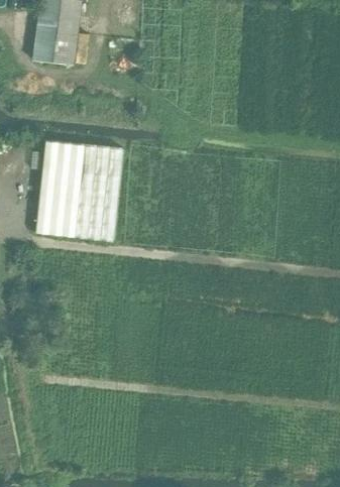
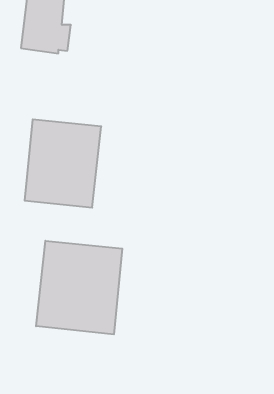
building: none -> [36,241,122,334]

